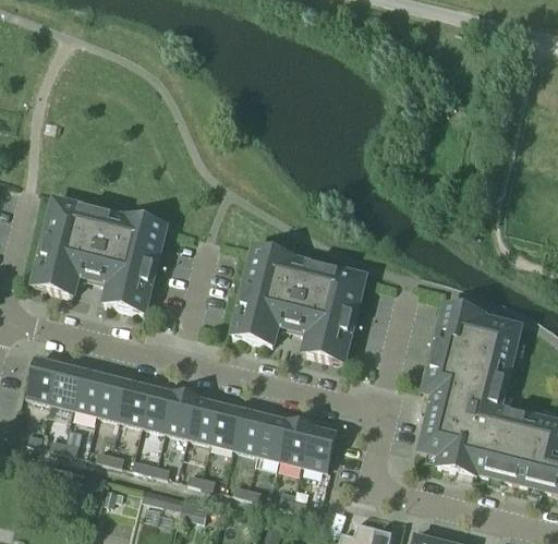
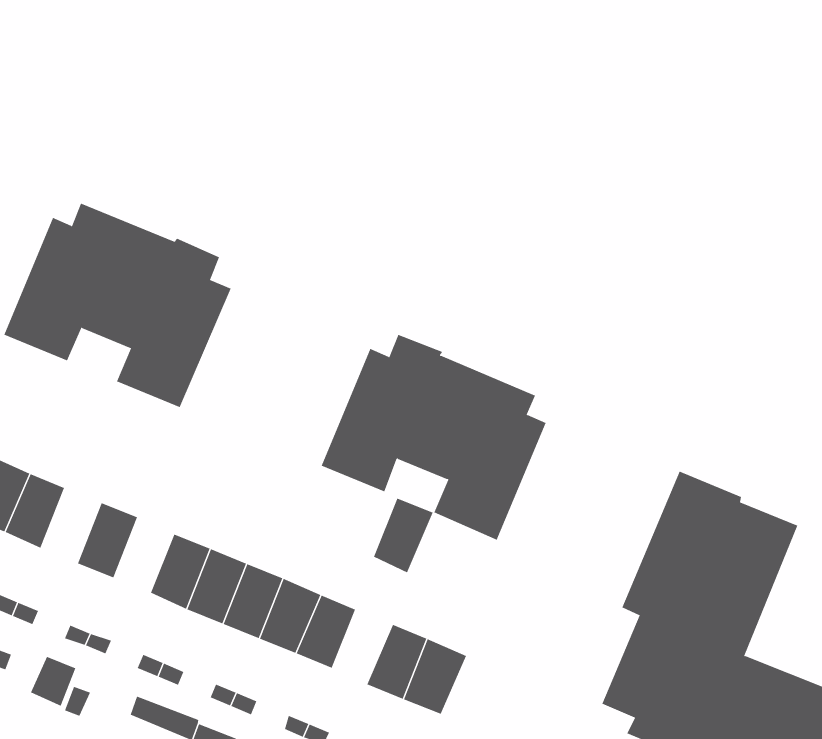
building: [74,371,106,414] -> none
building: [120,382,151,425] -> none
building: [257,416,289,460] -> [373,498,433,573]

